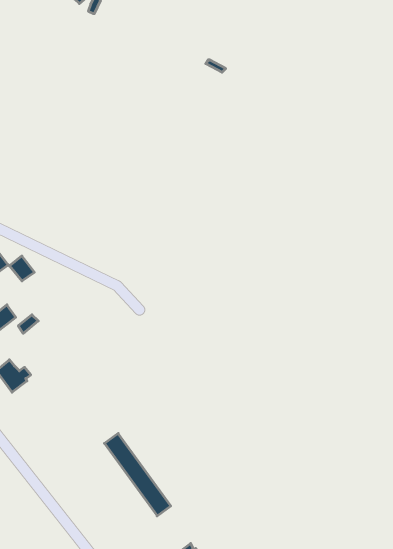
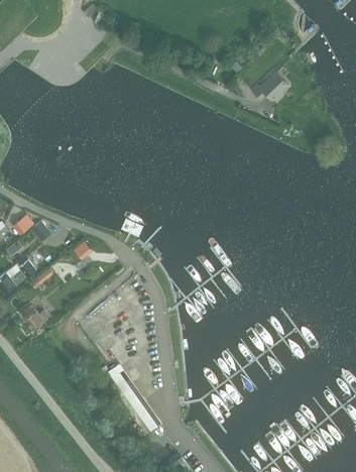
building: none -> [251,72,287,101]

